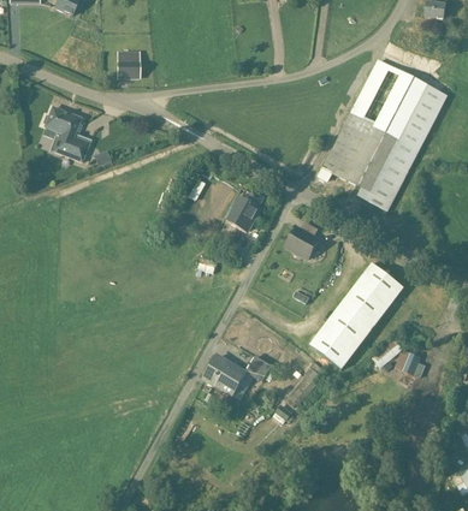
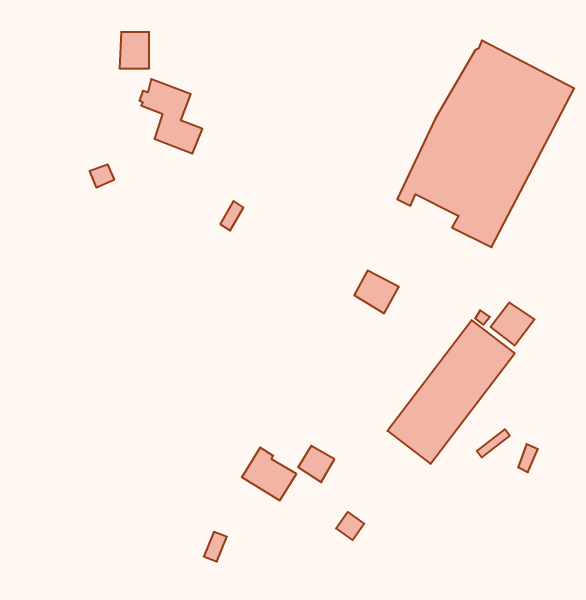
building: [43,107,89,161] -> [139,79,202,154]
building: [227,192,263,231] -> none
building: none -> [491,302,535,345]

